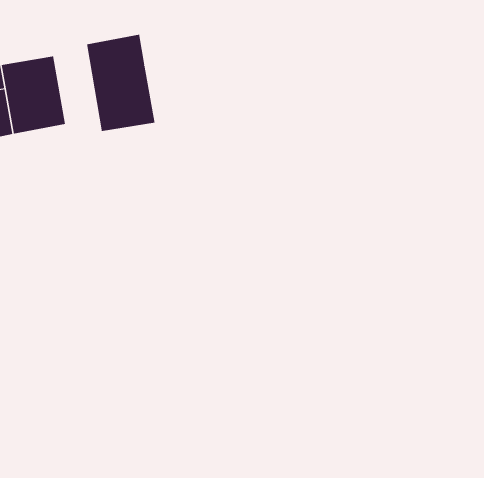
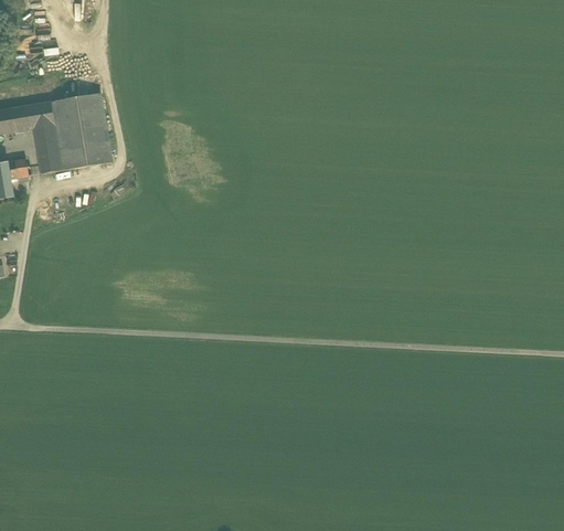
building: [86,34,155,132] -> none

